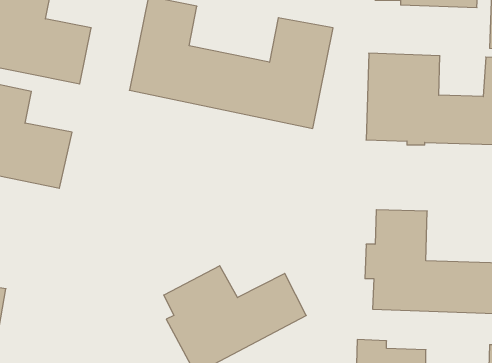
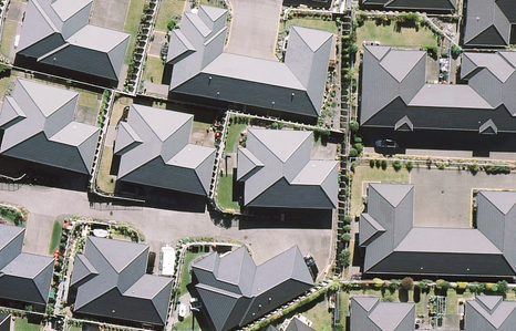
building: none -> [110,102,216,188]
building: none -> [226,124,333,209]
building: none -> [66,230,174,316]

